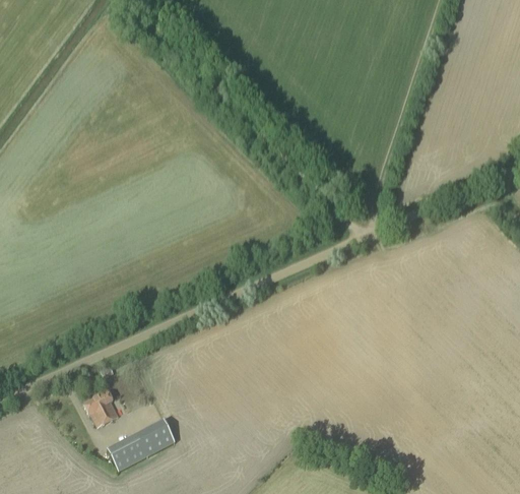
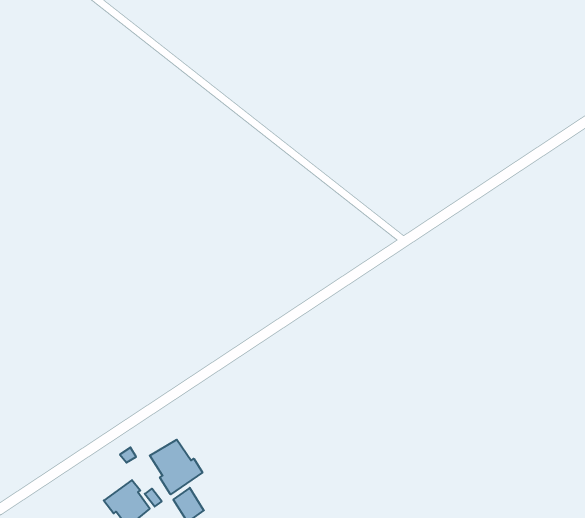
building: none -> [150,440,202,494]

